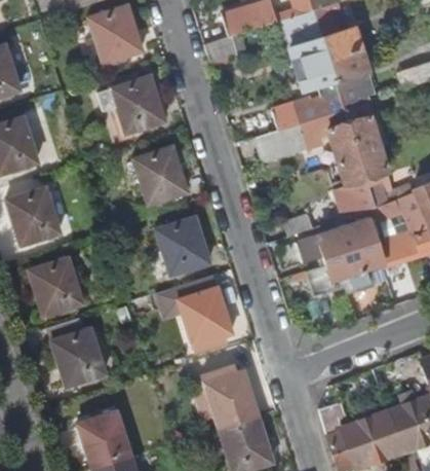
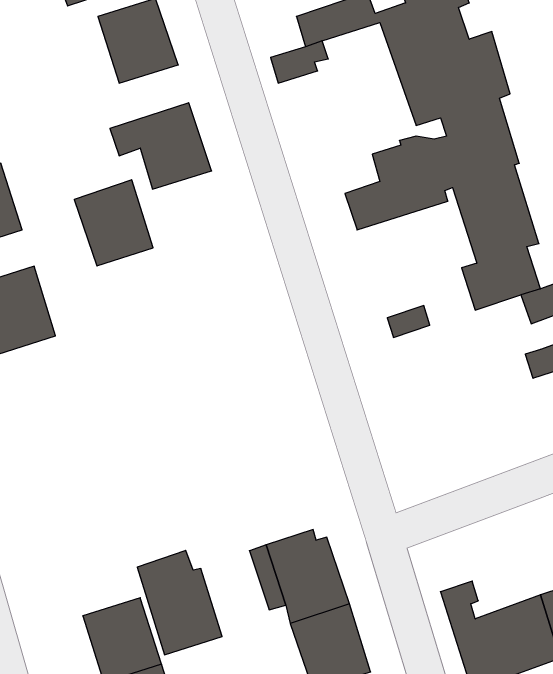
building: [133,145,187,204] -> [74,180,153,266]
building: [156,216,209,275] -> none
building: [297,219,383,294] -> none
building: [29,256,82,316] -> none
building: [179,287,232,346] -> none
building: [47,316,105,387] -> [137,550,222,655]

